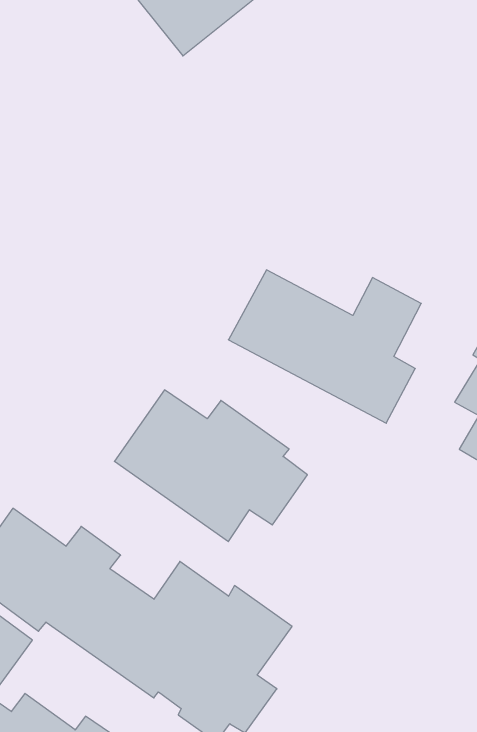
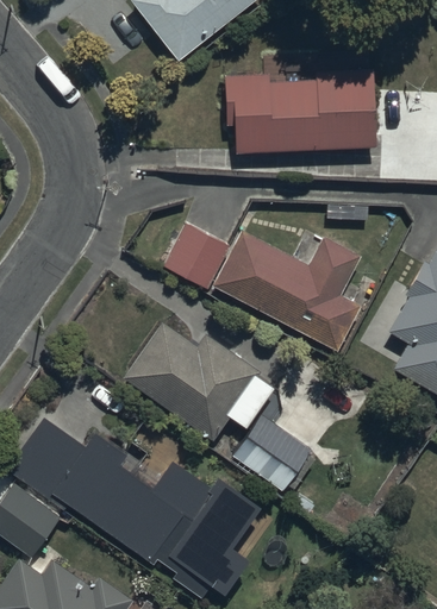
building: none -> [225,70,376,153]
building: none -> [164,222,231,288]
building: none -> [232,415,317,494]

